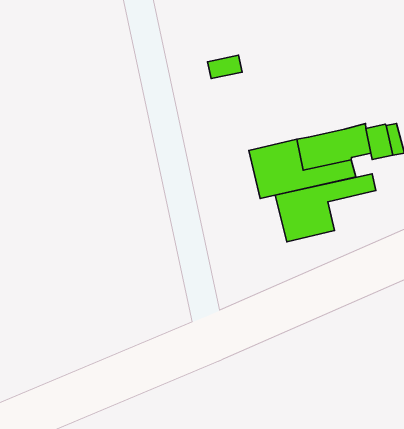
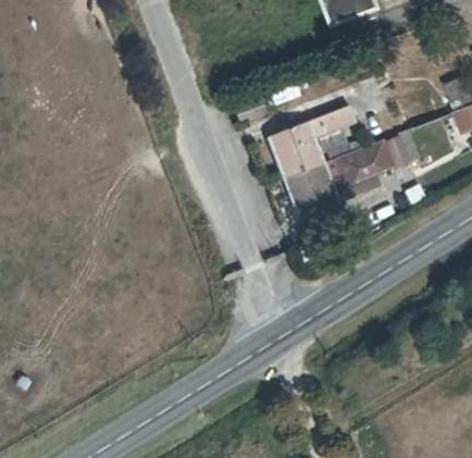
building: [275,174,376,242] -> [270,104,357,175]

